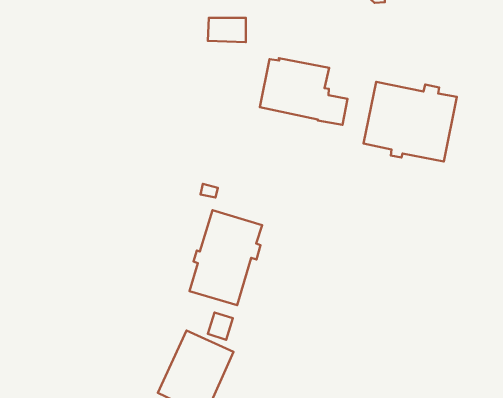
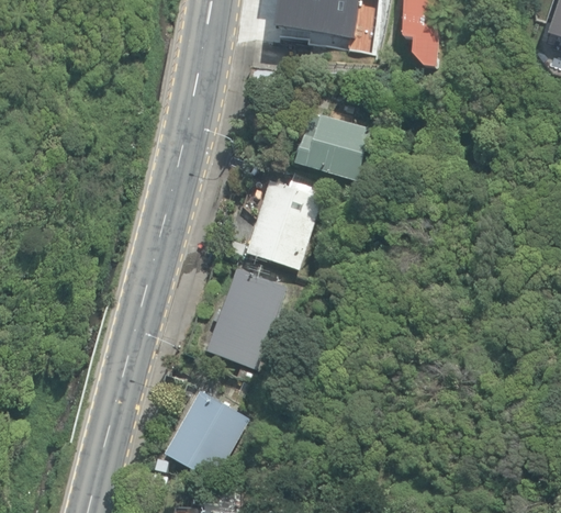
building: [363,82,457,161] -> none
building: none -> [247,180,319,269]

